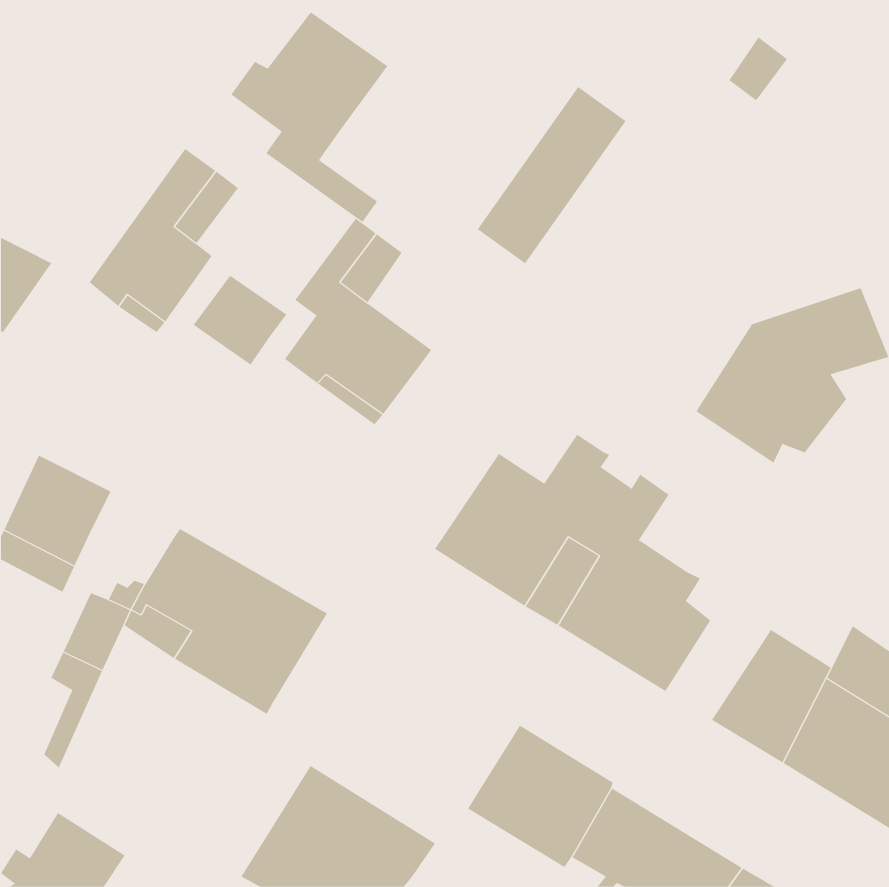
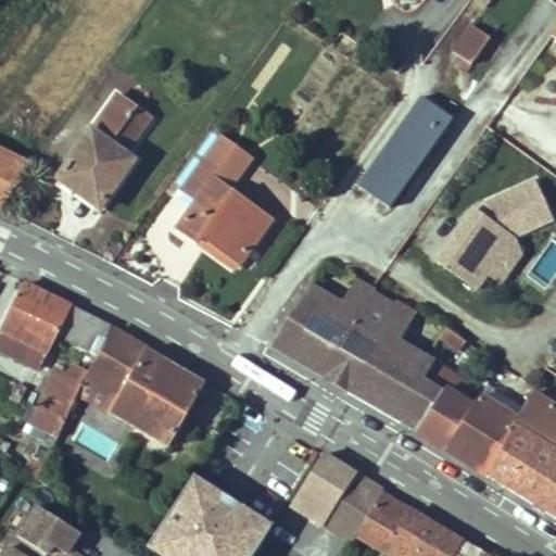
building: [230,11,388,223] -> none
building: [477,86,627,264] -> [359,94,453,205]
building: [193,275,287,366] -> none
building: none -> [58,306,113,348]
building: none -> [416,361,473,448]

